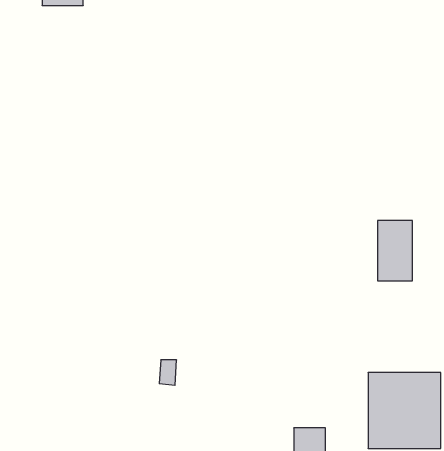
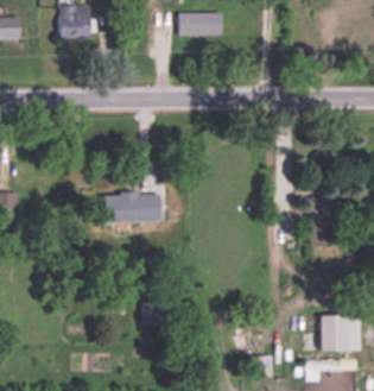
building: none -> [104,194,160,221]

